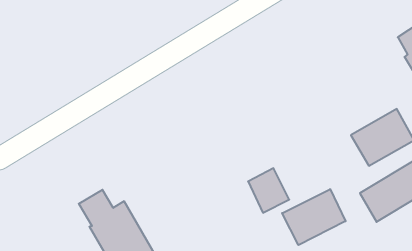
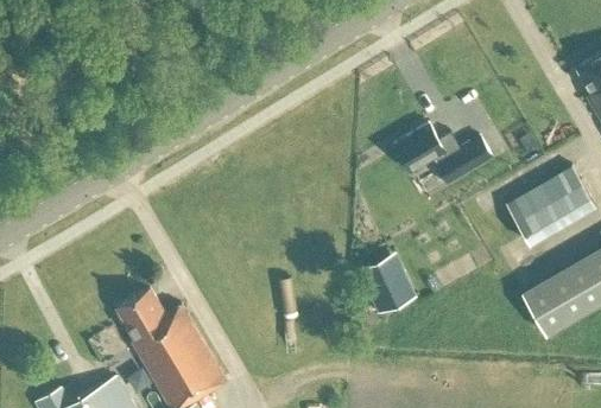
building: none -> [393,122,492,185]
building: [282,189,346,245] -> none

